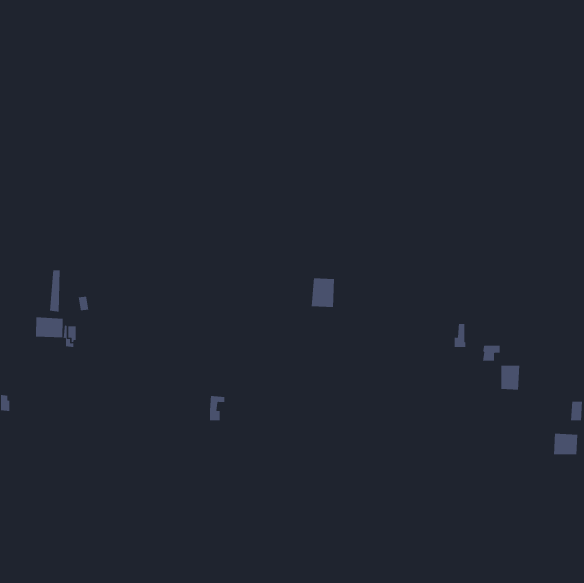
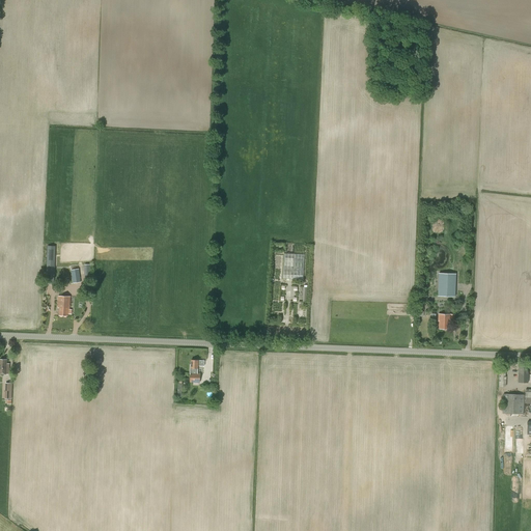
building: [36,316,63,338] -> none
building: [501,365,520,390] -> [438,273,455,296]

